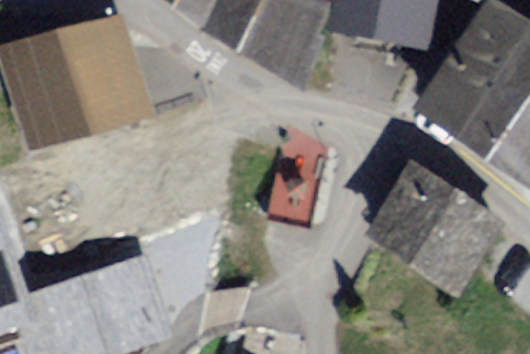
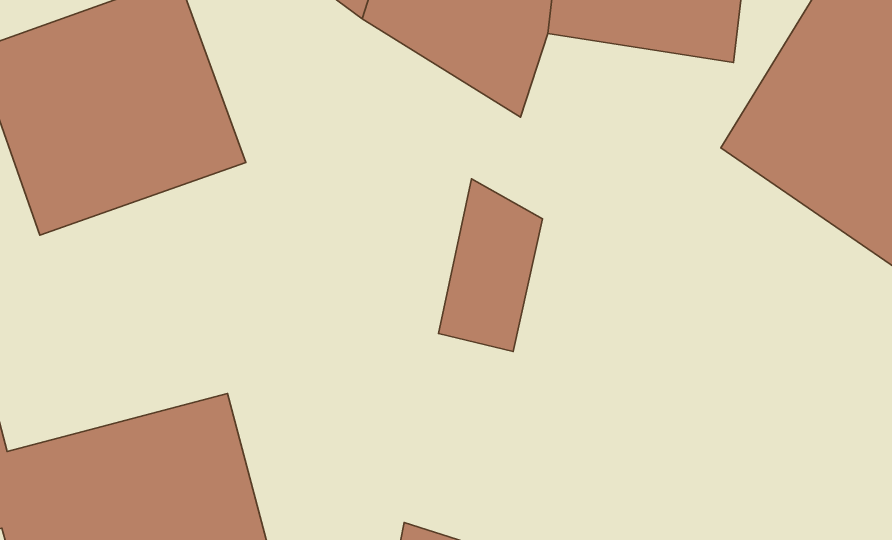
building: [367,159,510,292] -> none

